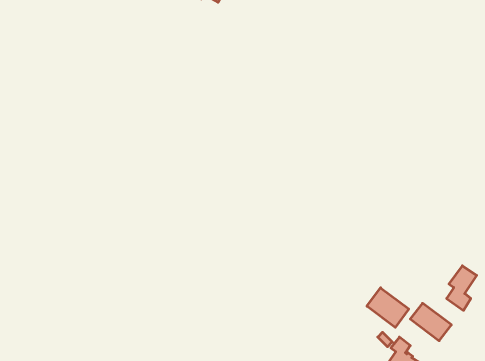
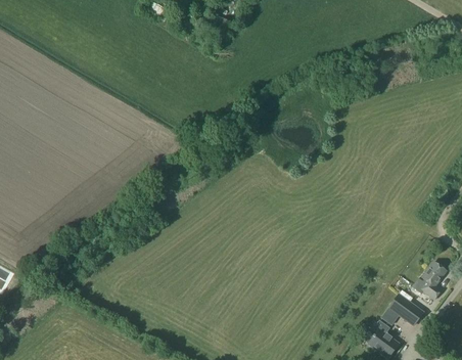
building: [367,288,409,327] -> none

